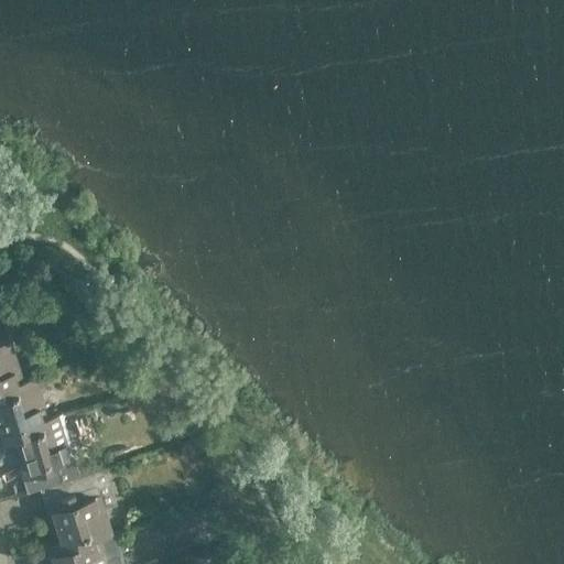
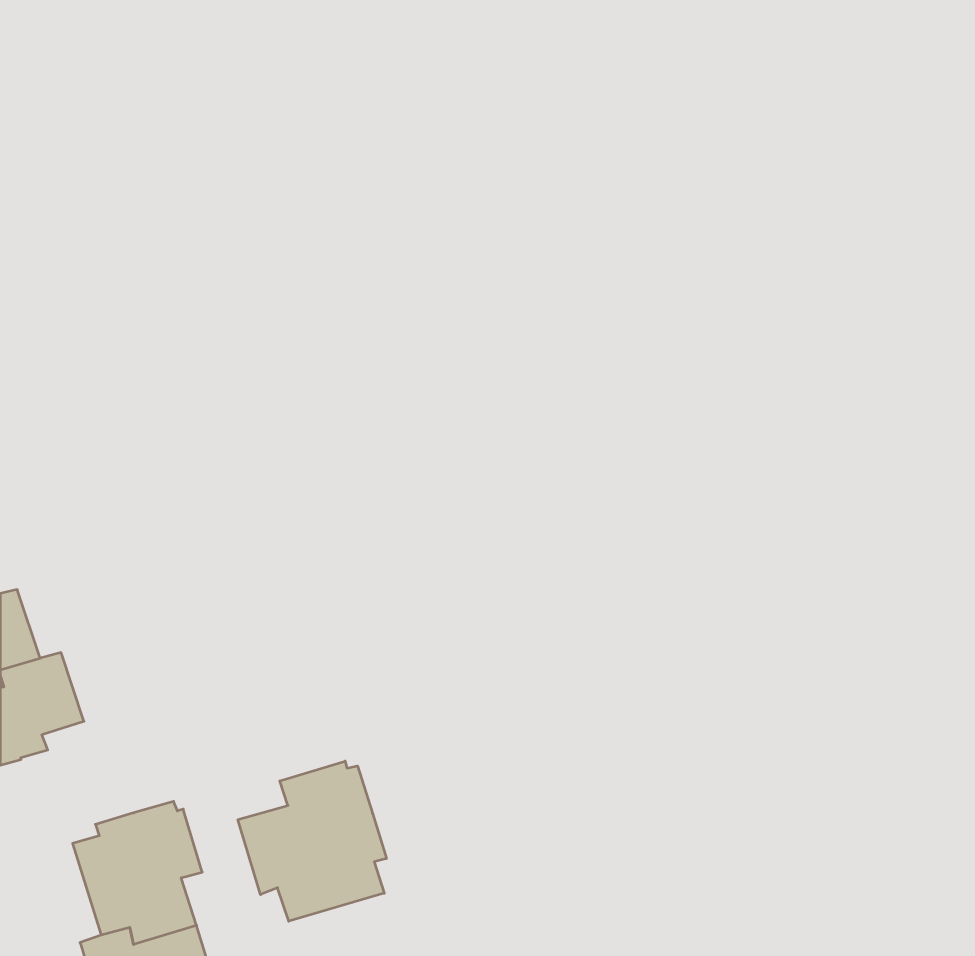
building: [12,424,77,490] -> none
building: none -> [238,761,386,921]

